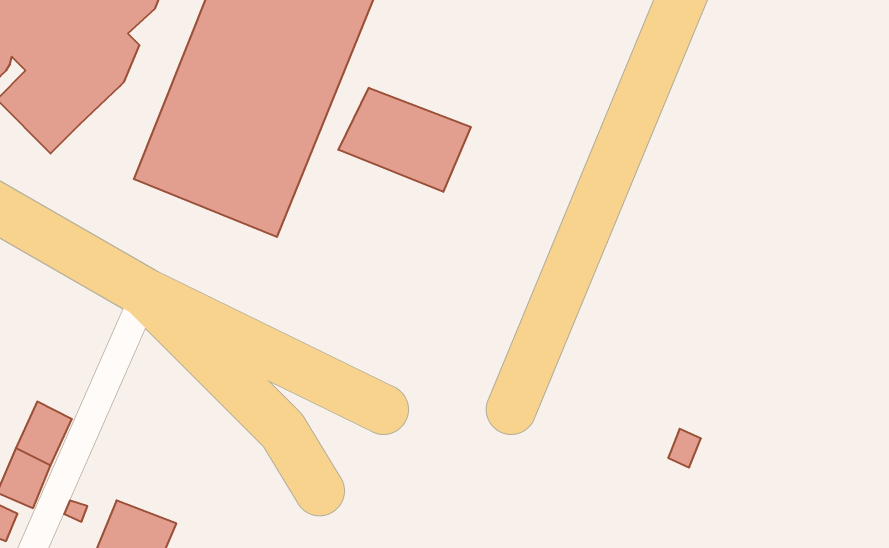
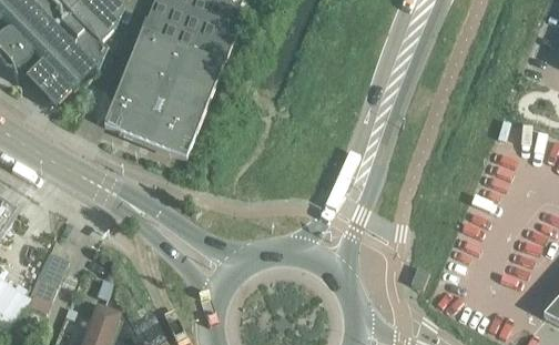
building: [338,88,471,192] -> none

